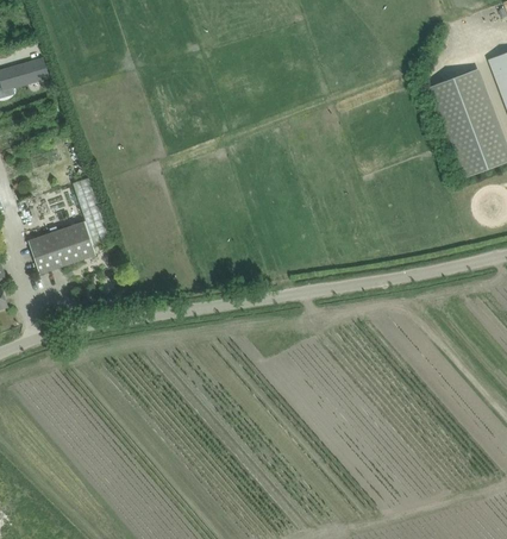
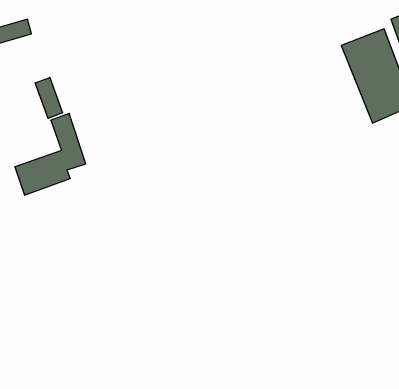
building: none -> [35,77,63,118]

